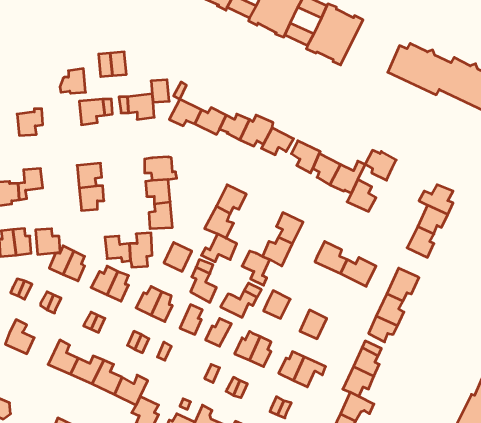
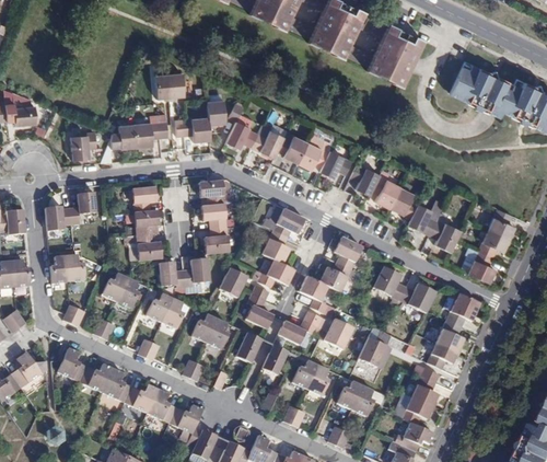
building: [60,69,86,93] -> [109,124,136,149]
building: [365,150,396,180] -> [429,222,461,253]
building: [36,229,60,254] -> [136,234,161,261]
building: none -> [80,363,114,393]

